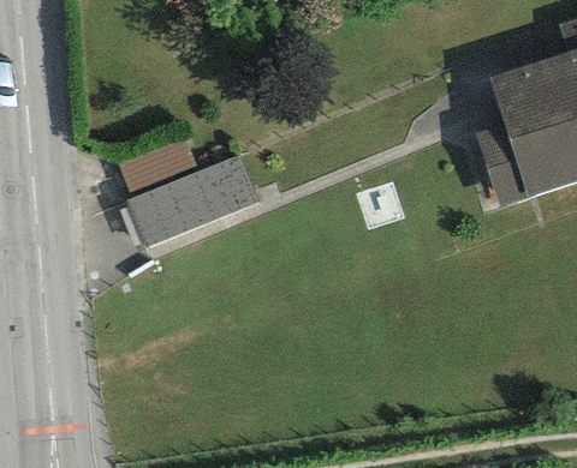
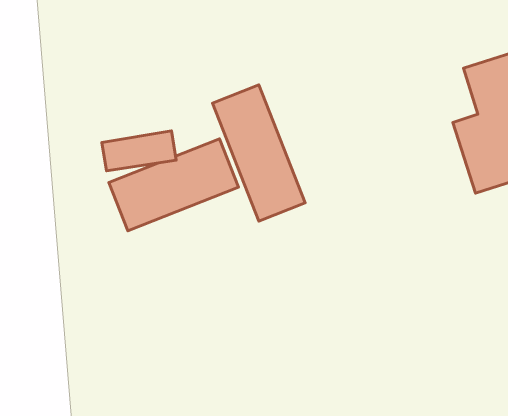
building: none -> [212,85,305,221]

